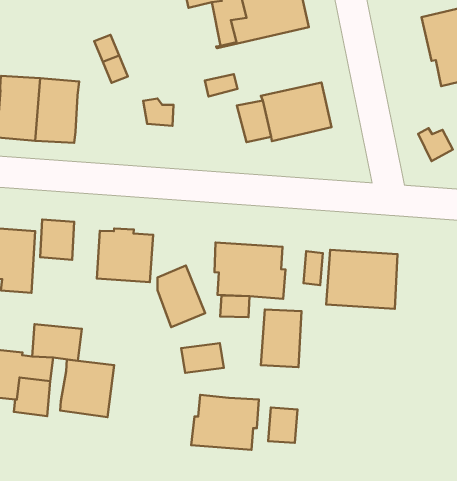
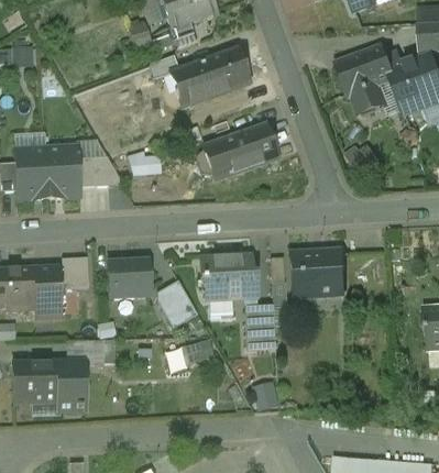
building: none -> [76,156,122,186]
building: [60,359,114,417] -> none
building: [191,395,259,450] -> none

